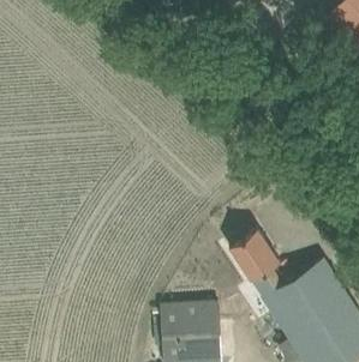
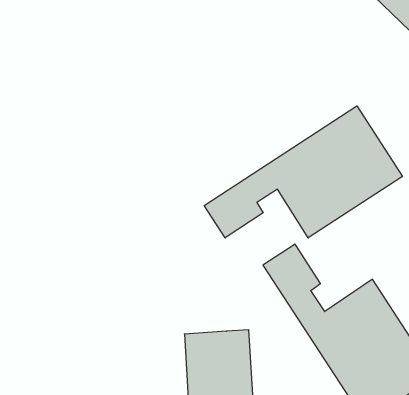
building: none -> [204,106,402,238]

